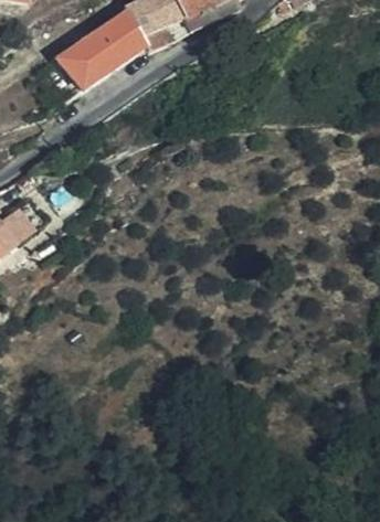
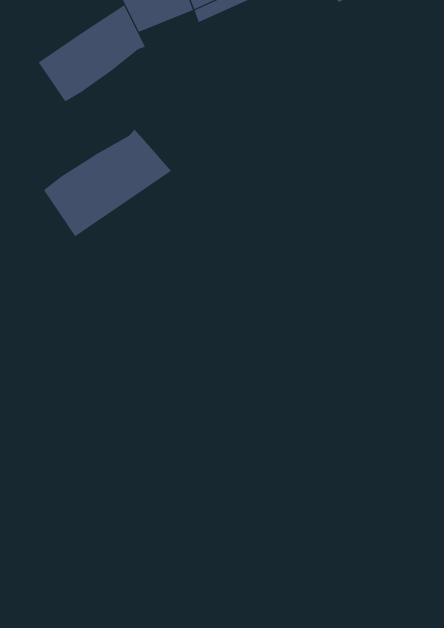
building: none -> [43,129,172,237]

